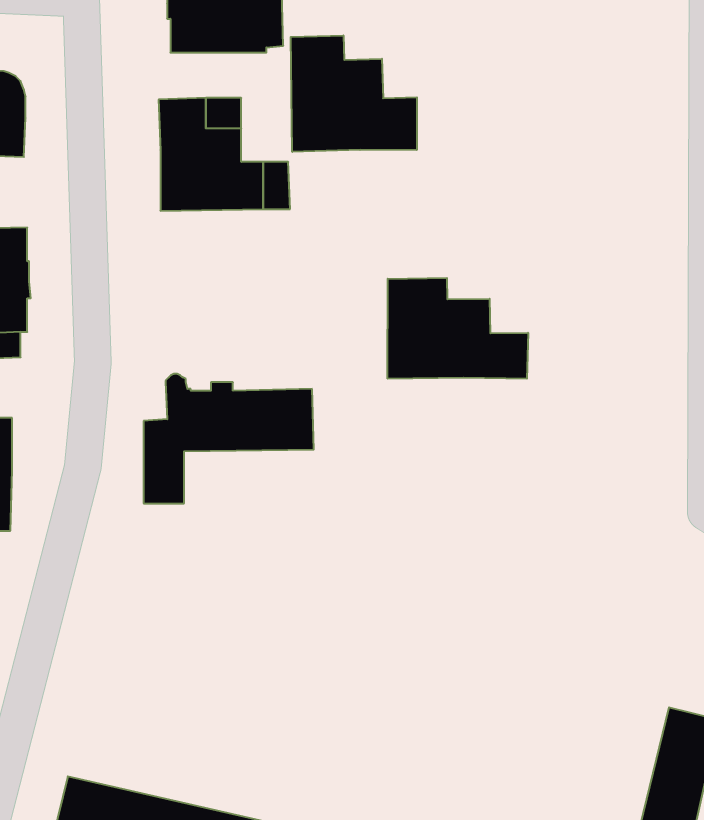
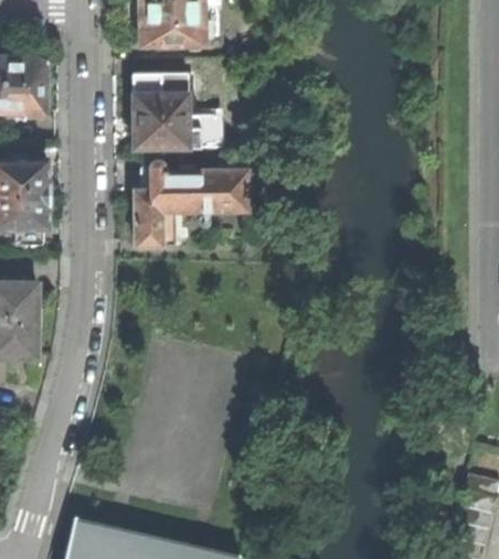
building: [291,35,417,152] -> none
building: [388,278,528,379] -> none
building: [144,374,314,503] -> [136,160,247,245]

